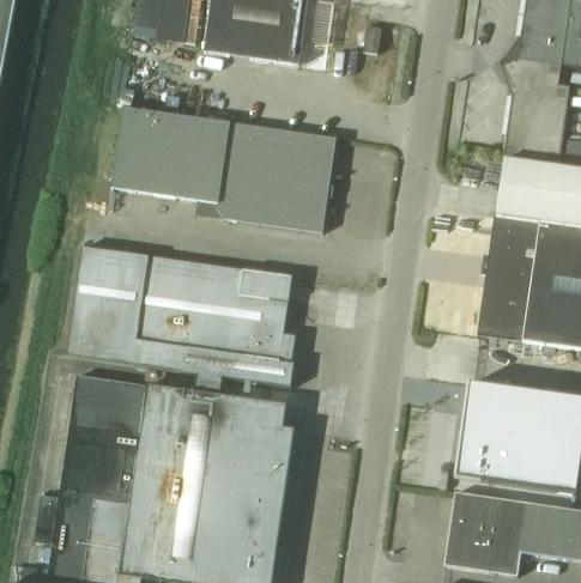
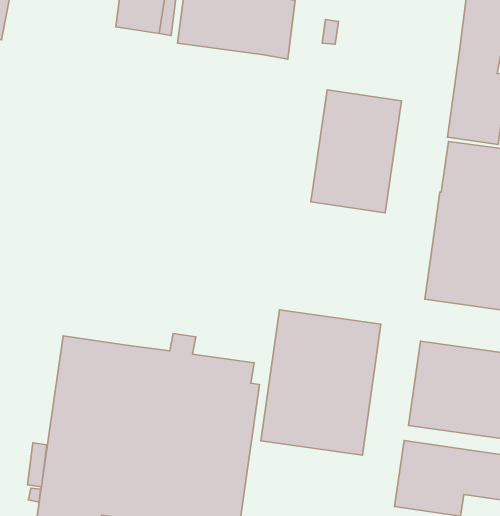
building: none -> [311,90,401,213]
building: [110,107,335,232] -> none
building: [66,245,296,385] -> none
building: none -> [261,310,381,455]

